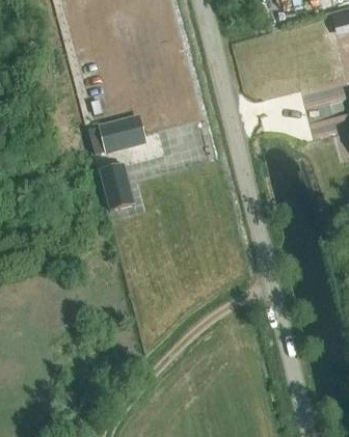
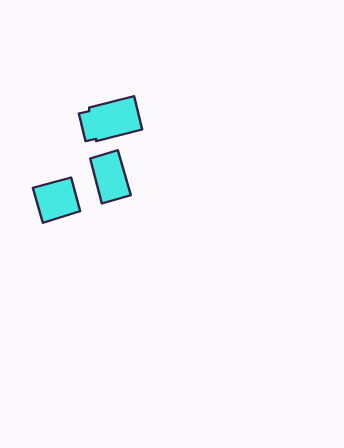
building: none -> [33,177,80,223]

